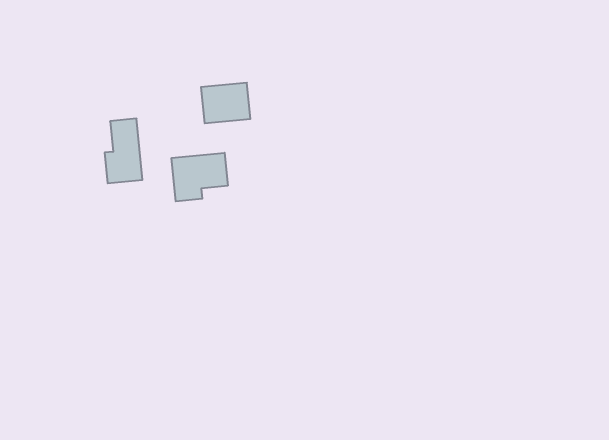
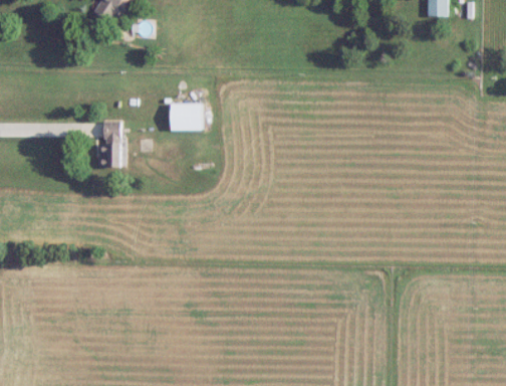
building: [172,153,228,201] -> none

